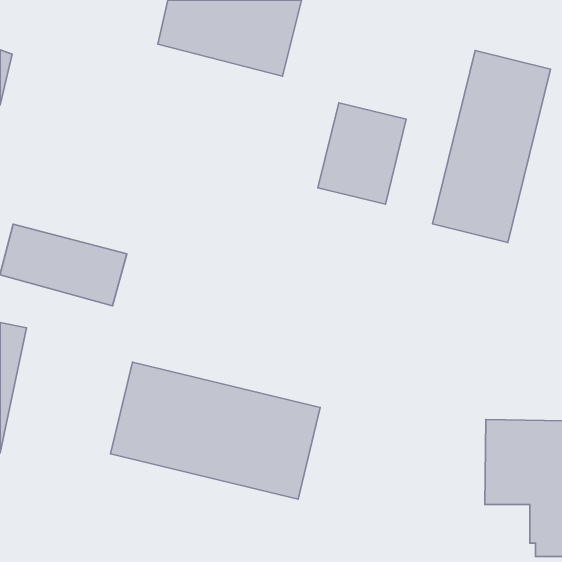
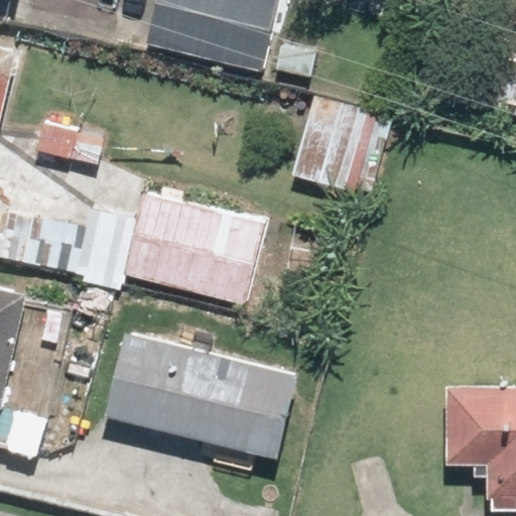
building: [432,51,551,242] -> none
building: none -> [123,194,266,302]

